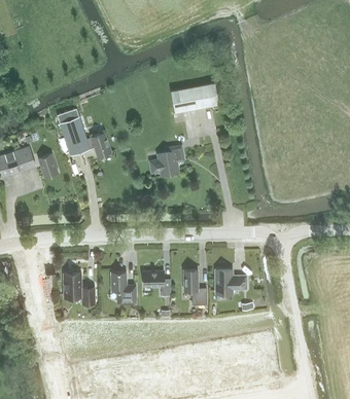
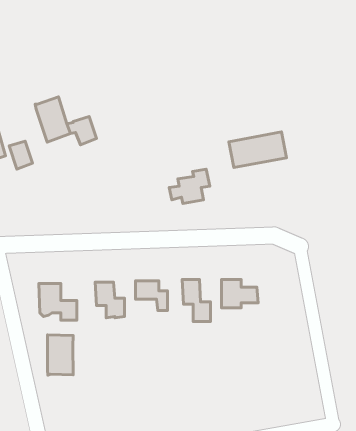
building: [171,82,219,112] -> [229,132,286,168]
building: [150,146,184,175] -> [169,169,210,203]
building: none -> [47,335,73,375]

